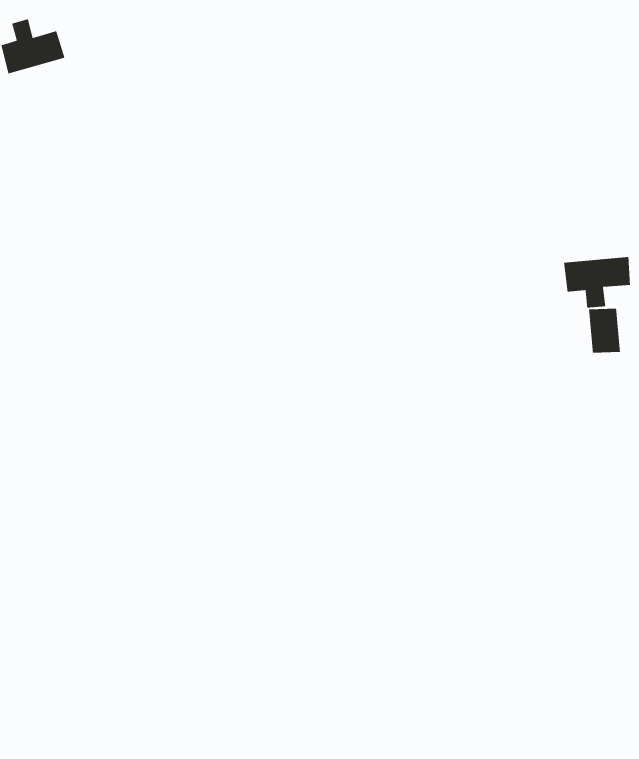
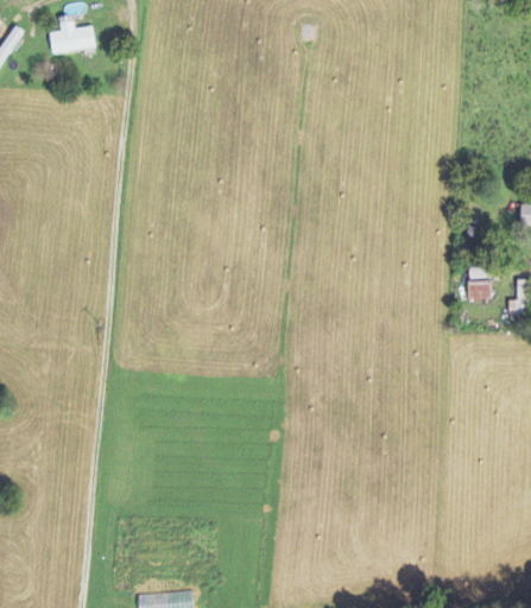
building: [563,256,631,309] -> none

